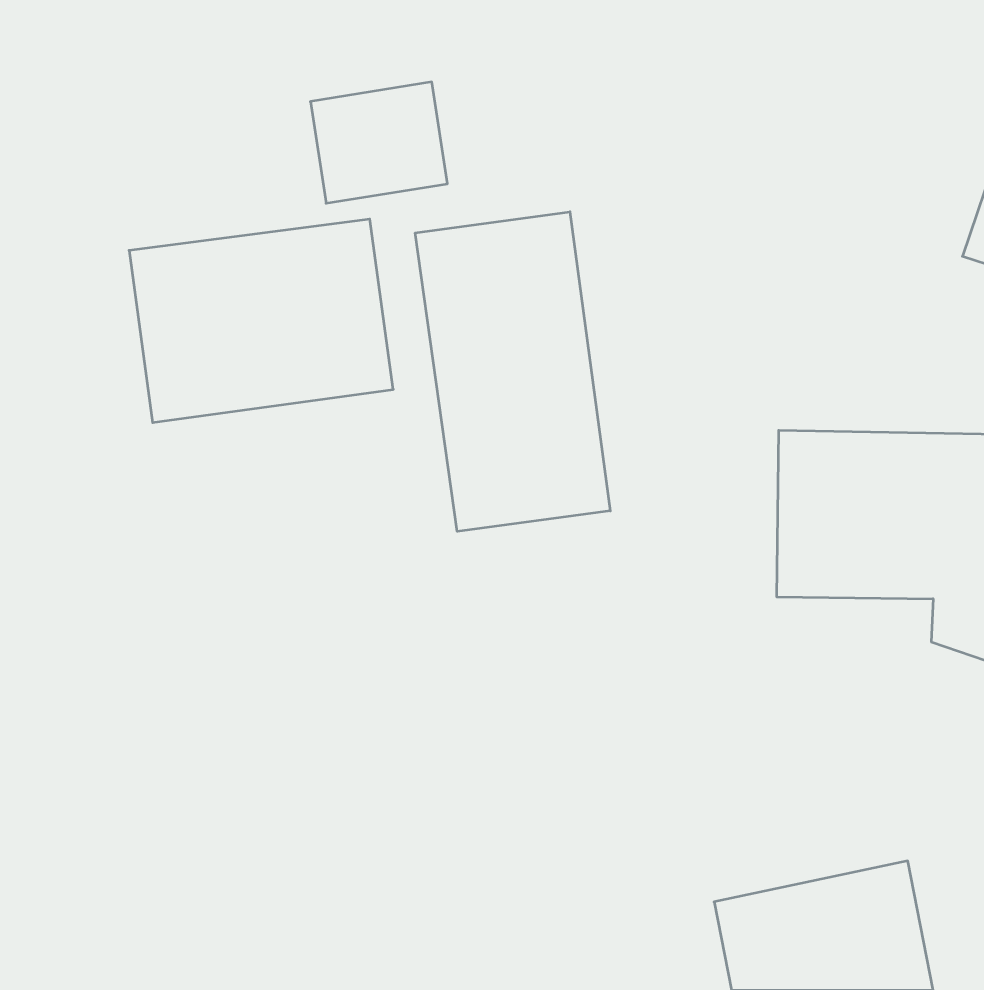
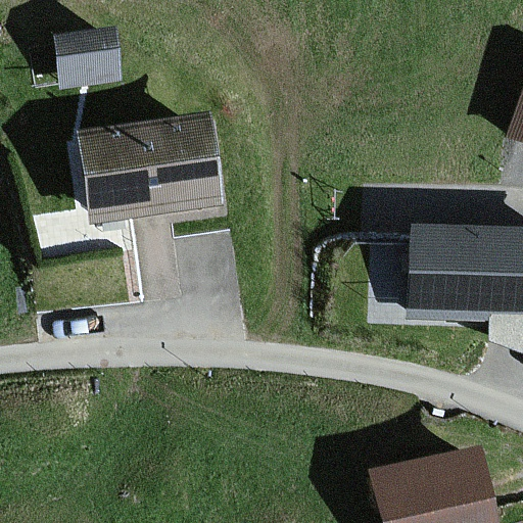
building: [310,82,447,203] -> [51,29,123,92]
building: [415,212,610,531] -> none

